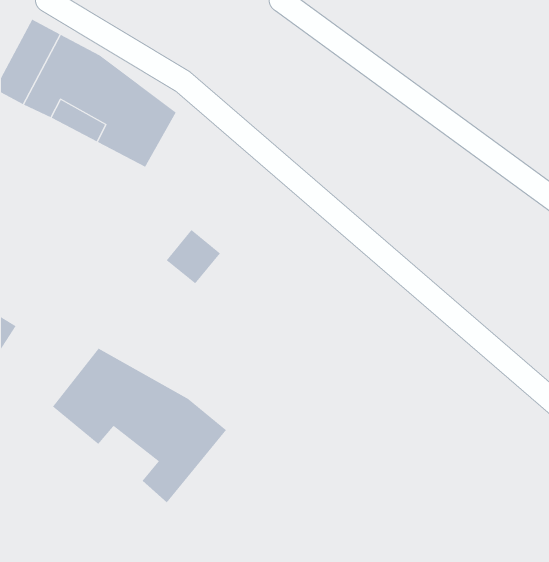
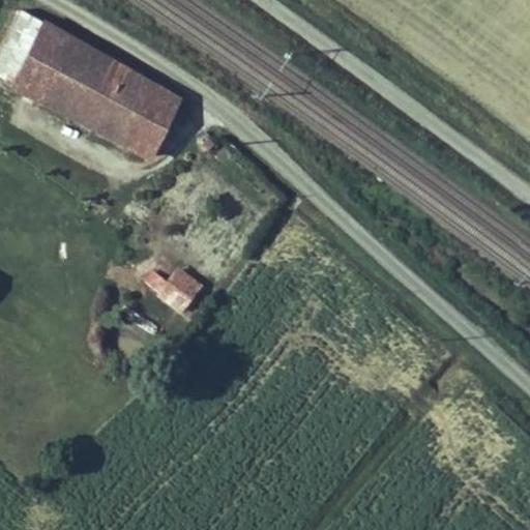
building: [166,229,221,284] -> [154,267,206,319]
building: [52,348,227,503] -> none

